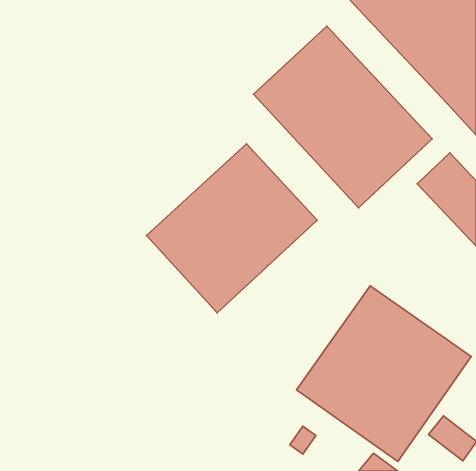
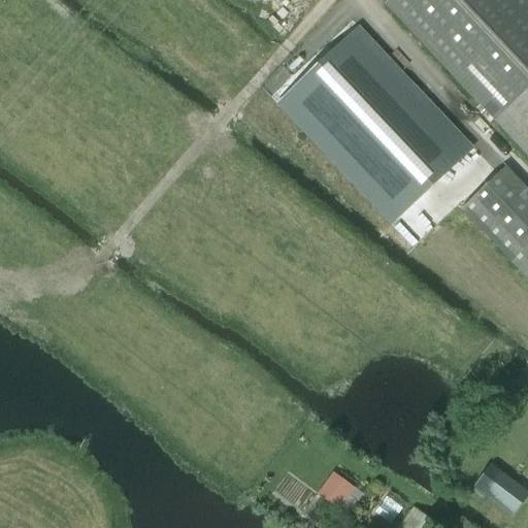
building: [147,144,317,313] -> none
building: [296,286,471,461] -> none

